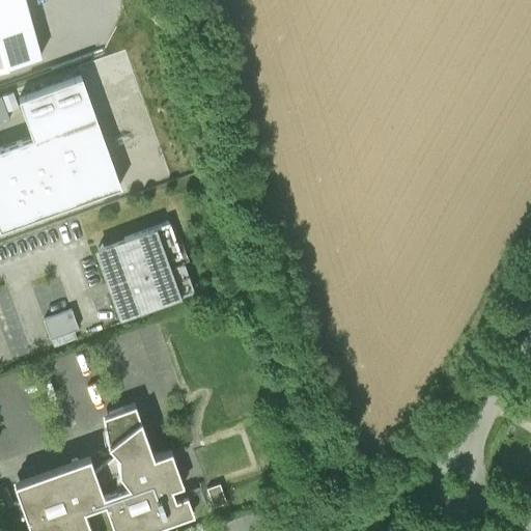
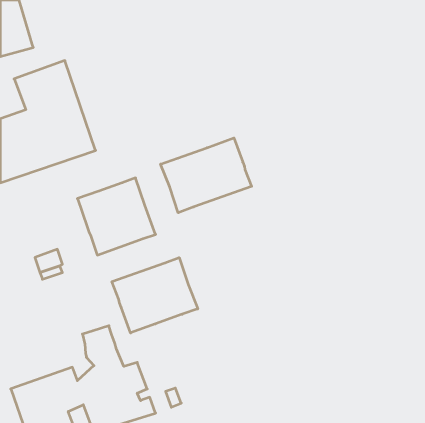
building: none -> [161,138,252,213]
building: none -> [112,258,198,333]

